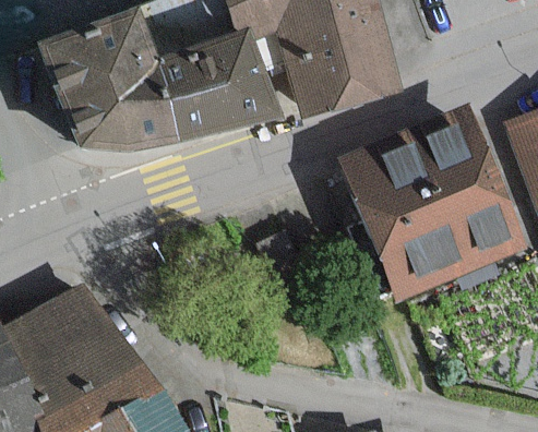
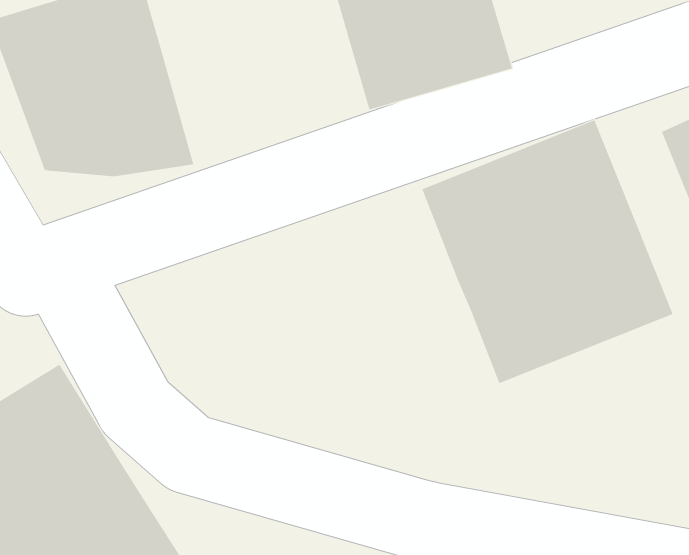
building: [157,34,274,145] -> none

